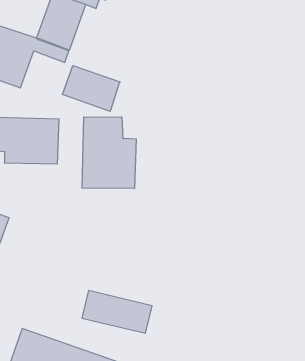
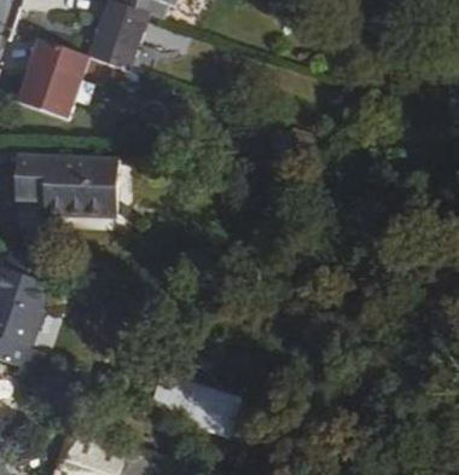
building: [62,66,120,111] -> none
building: [82,117,136,189] -> none

